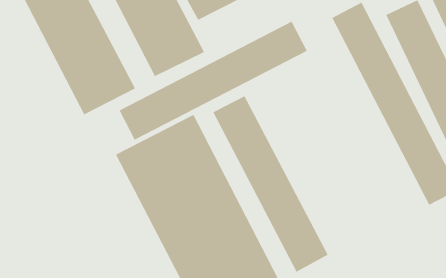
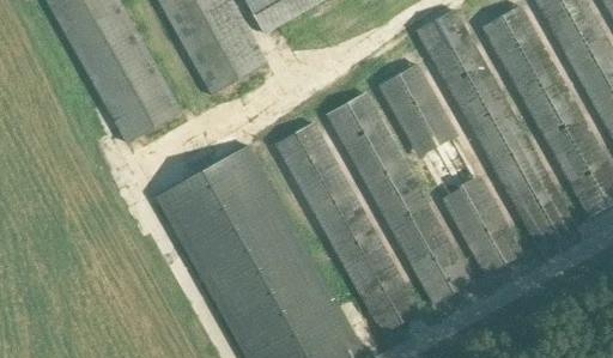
building: [119,21,308,141] -> none
building: none -> [382,61,522,275]
building: none -> [333,91,469,310]

